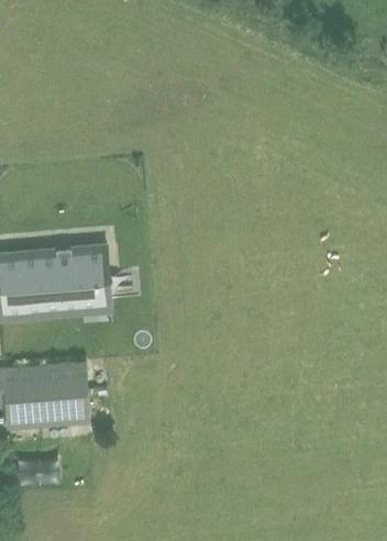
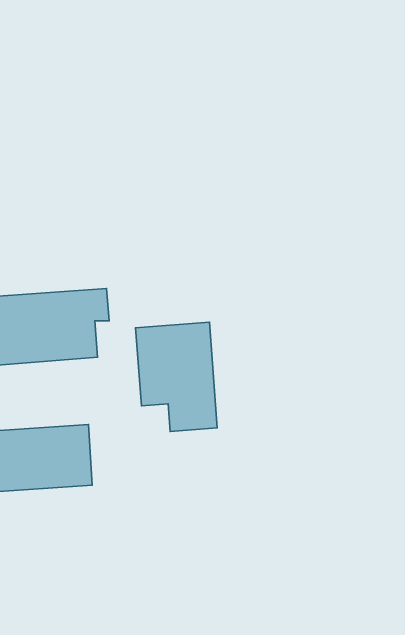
building: none -> [136,322,217,431]

